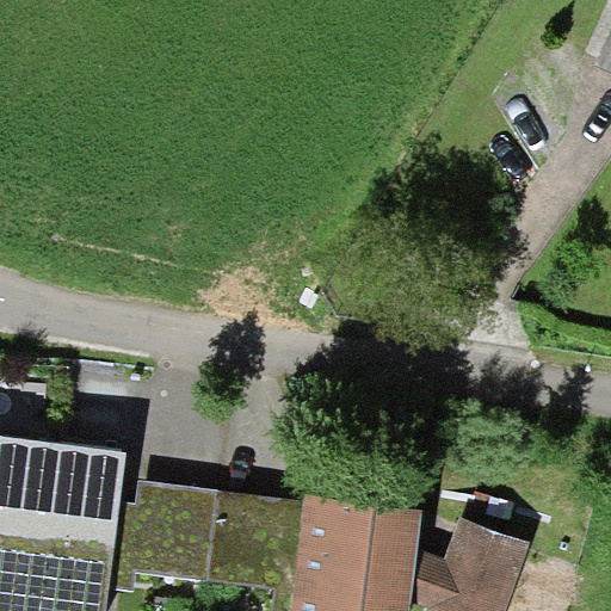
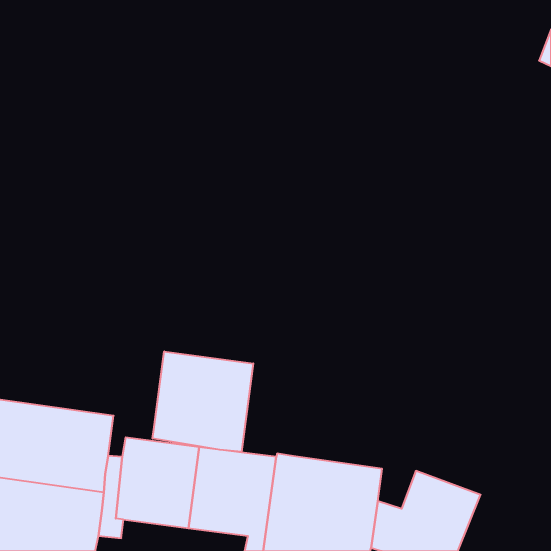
building: none -> [153,351,253,452]

